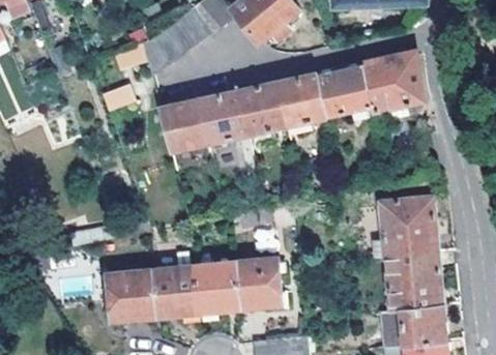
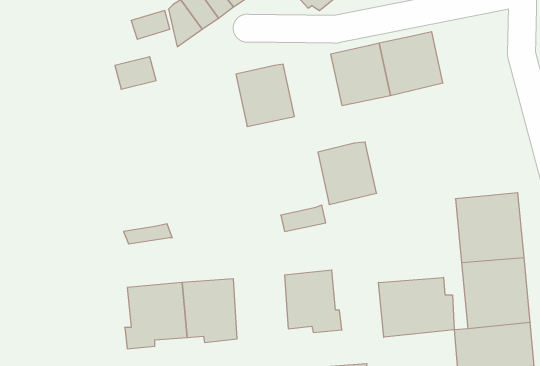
building: [360,50,427,111] -> none
building: [237,81,286,132] -> [318,142,377,204]
building: [156,97,207,150] -> none
building: [196,264,241,317] -> none
building: none -> [379,277,454,337]

